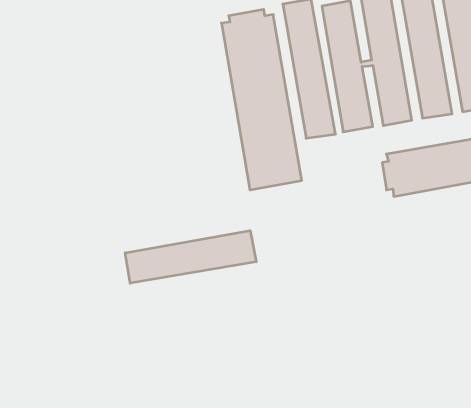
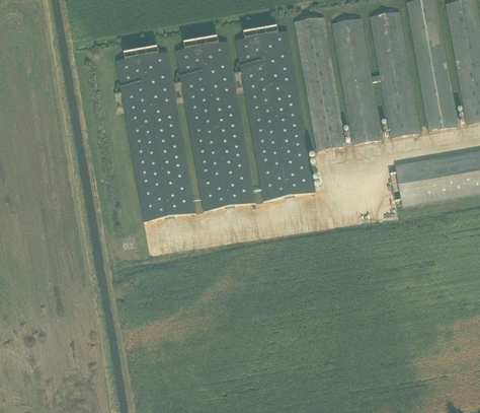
building: none -> [177,37,254,210]
building: none -> [116,52,195,222]
building: [125,231,256,283] -> none

